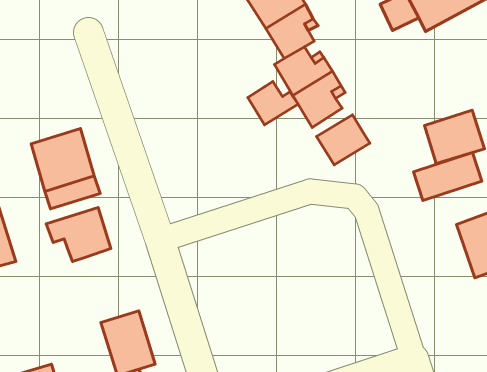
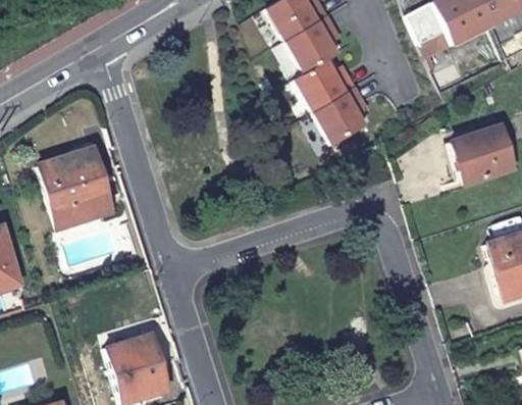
building: [248,82,298,125] -> none
building: [317,115,370,165] -> none
building: [413,152,482,200] -> none
building: [46,208,111,261] -> none

